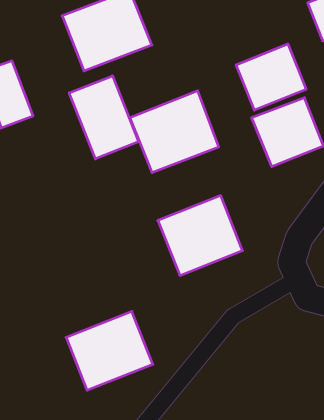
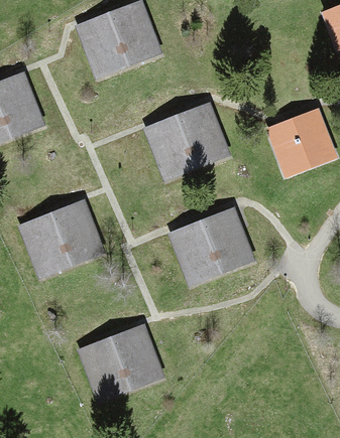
building: [236,44,306,110] -> none
building: [69,76,139,159] -> none
building: none -> [21,198,106,279]

